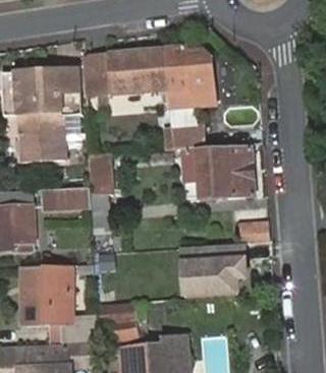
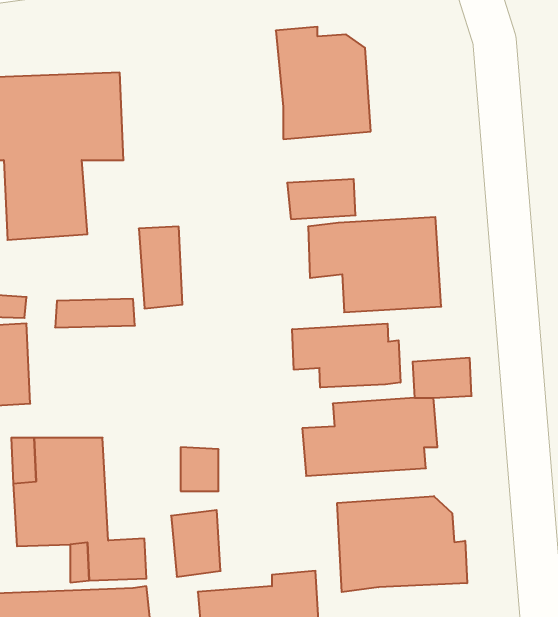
building: [84,48,167,92] -> none
building: none -> [292,324,400,388]
building: none -> [337,496,467,592]

